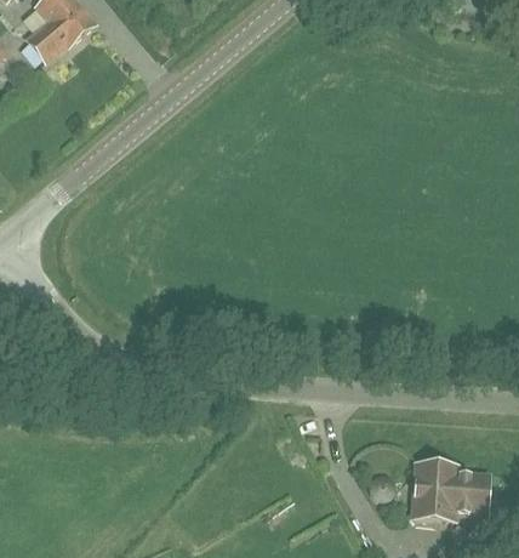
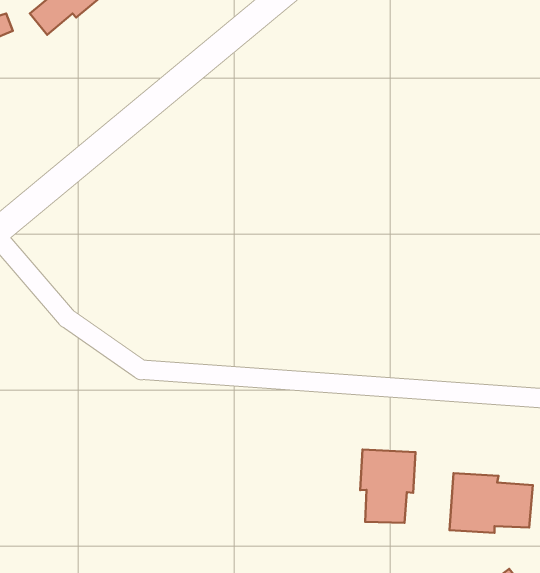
building: none -> [360,450,415,523]

